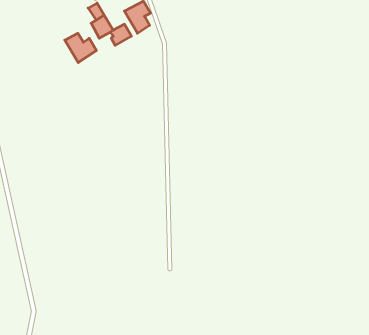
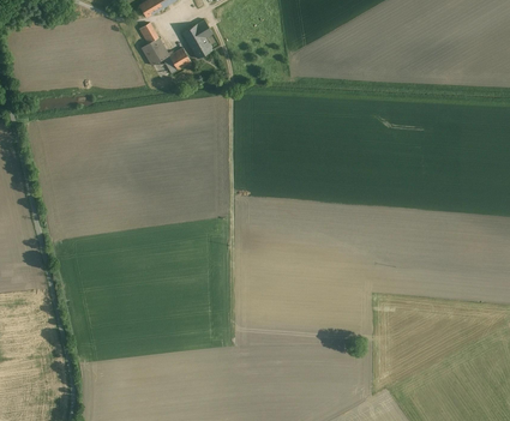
building: [65,33,96,63] -> none

